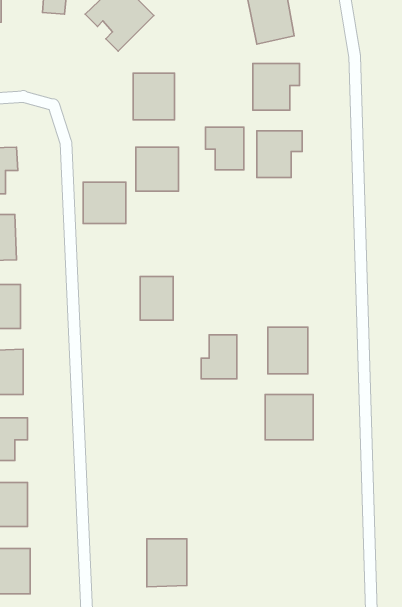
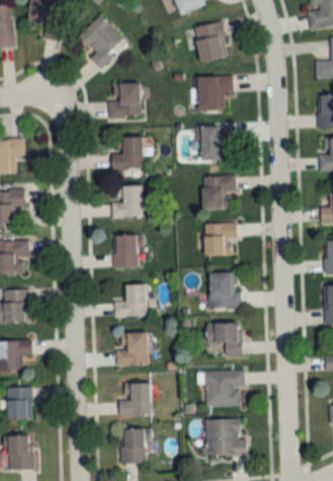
building: [205,127,244,170] -> none
building: [83,182,126,223] -> [111,187,143,218]
building: none -> [202,177,236,209]
building: none -> [204,223,236,255]
building: [201,335,237,379] -> [119,284,146,316]
building: none -> [117,332,148,365]
building: none -> [205,371,243,406]
building: none -> [119,382,151,415]
building: none -> [205,419,244,456]

